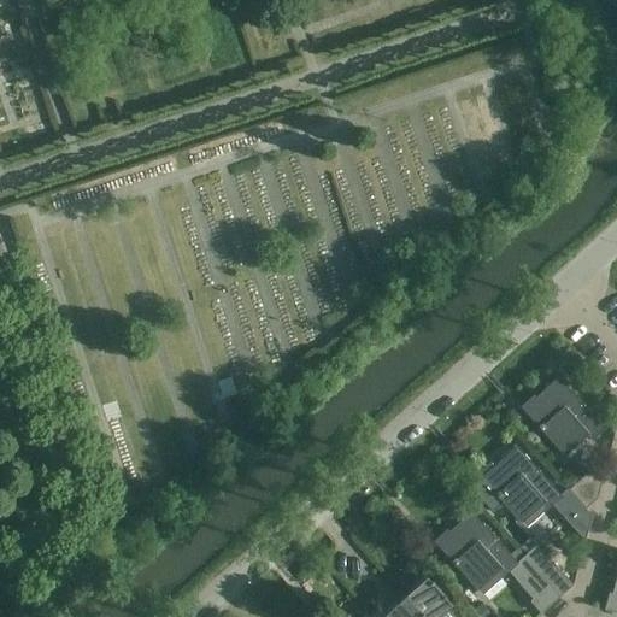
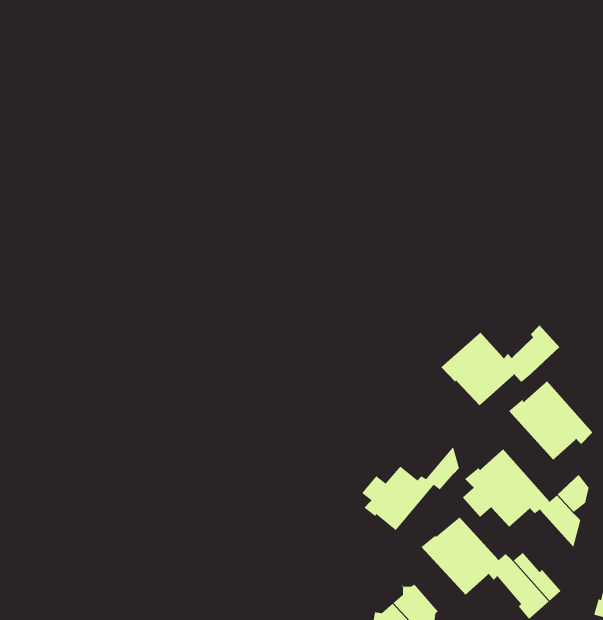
building: none -> [441,324,560,406]
building: none -> [361,445,460,531]

